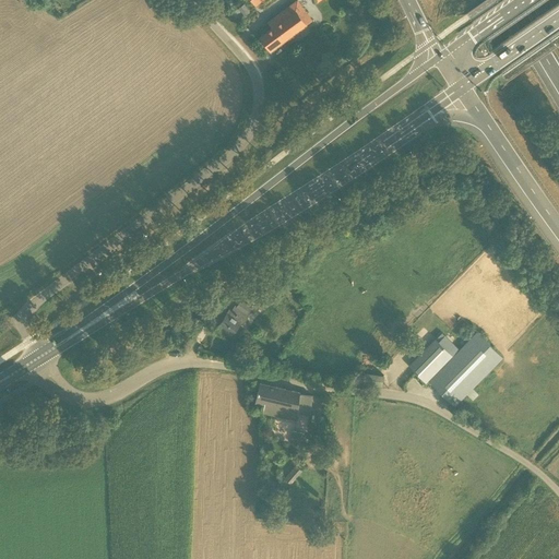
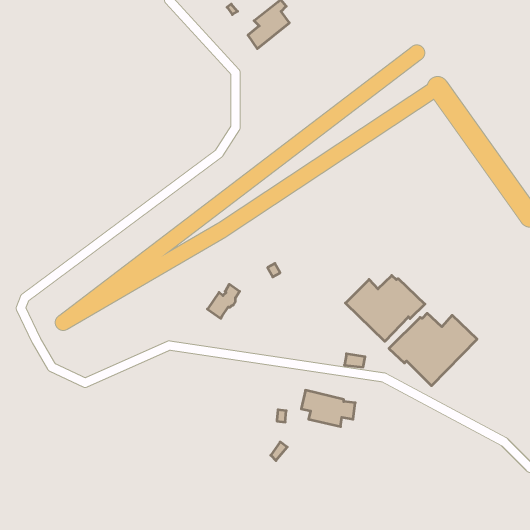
building: none -> [345,275,425,341]
building: [255,383,312,421] -> [301,390,355,427]

